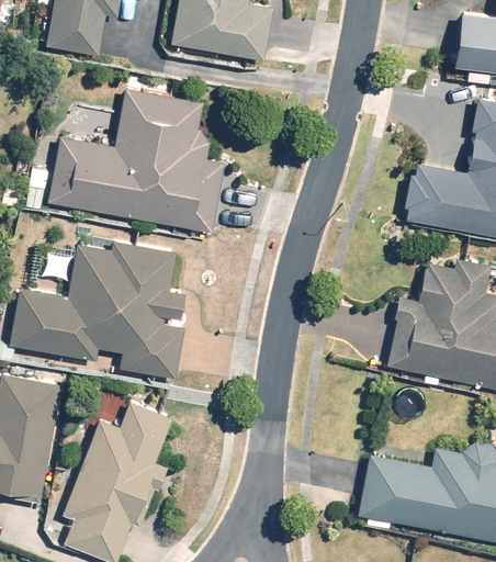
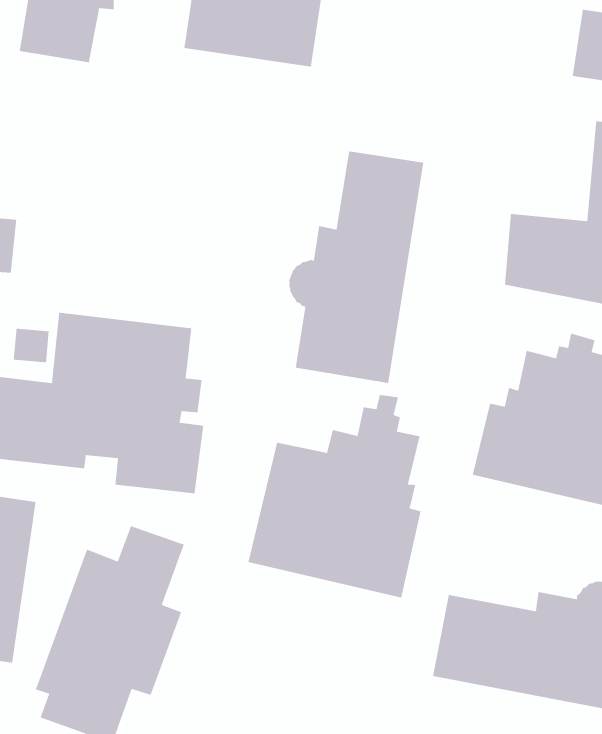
building: [44,89,227,235] -> none
building: none -> [288,151,424,384]
building: none -> [247,394,422,599]

